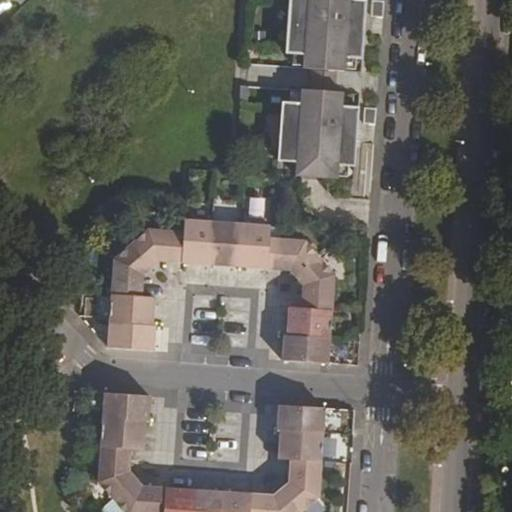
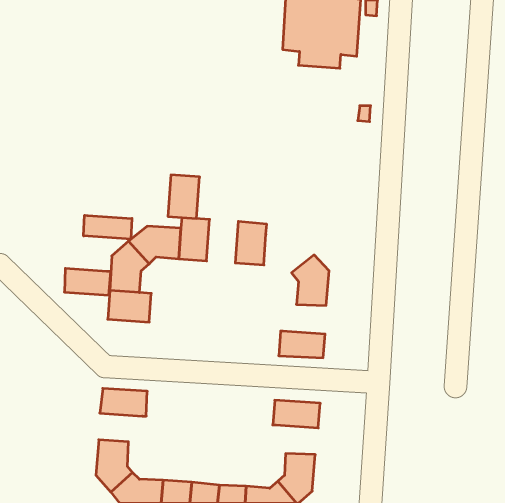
building: [278,90,358,178] -> none
building: none -> [84,215,132,239]
building: [209,222,241,266] -> [168,175,200,218]
building: [267,237,318,276] -> none
building: [286,306,330,338] -> none
building: [108,323,155,350] -> [64,268,111,295]
building: [100,418,144,448] -> none
building: [277,430,322,460] -> none

